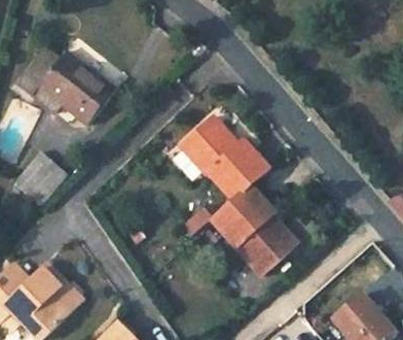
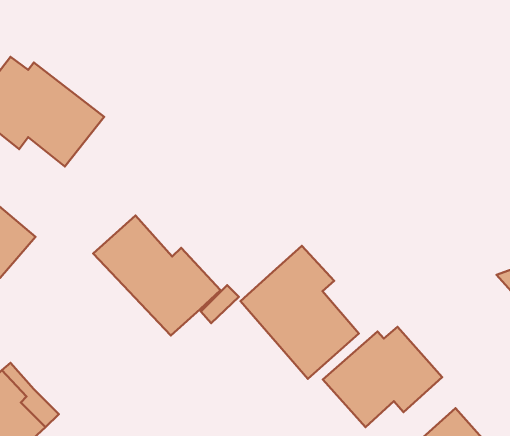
building: [179,115,268,200] -> [93,215,221,336]
building: none -> [323,327,442,427]

